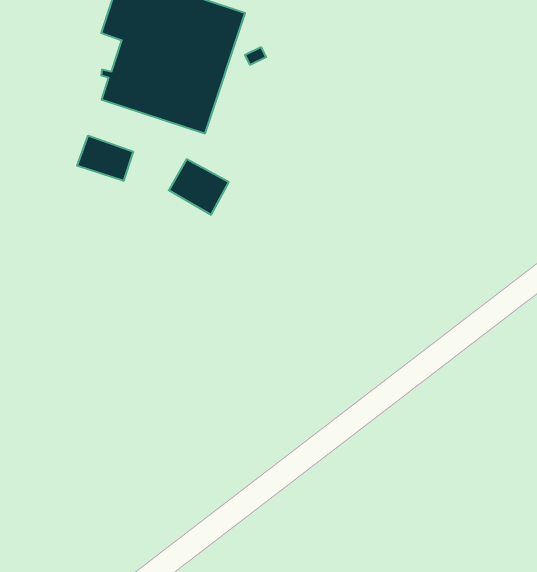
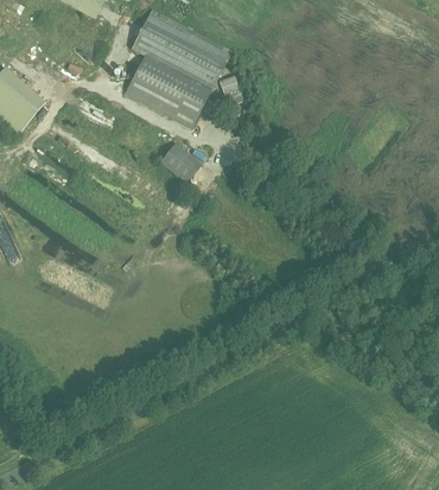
building: [77,136,133,181] -> none

